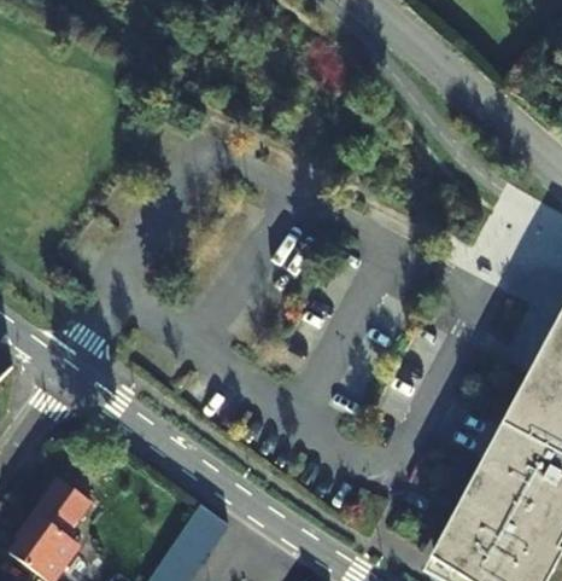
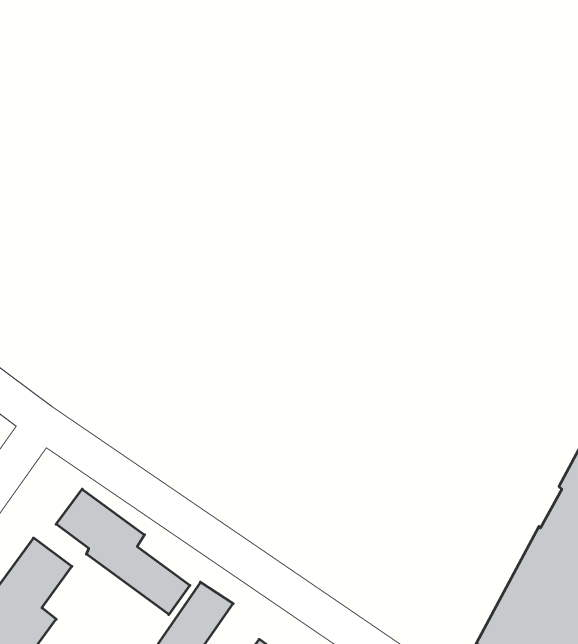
building: none -> [56,489,190,615]

